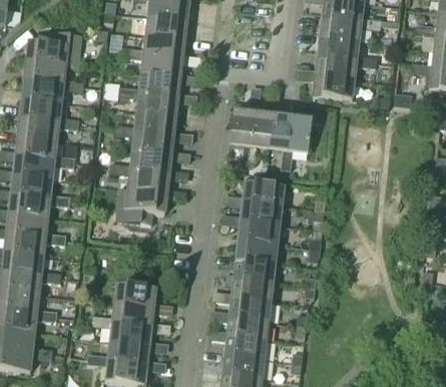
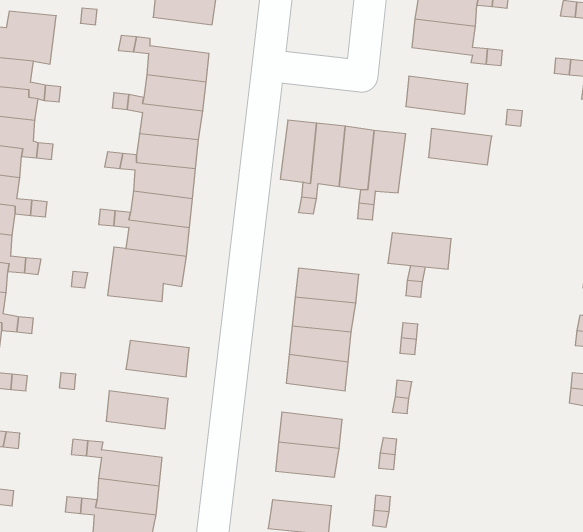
building: [143,35,184,59] -> none
building: [315,55,357,79] -> [428,129,492,165]
building: [242,181,284,206] -> [388,233,451,269]
building: [231,278,273,302] -> none
building: [111,303,153,327] -> [126,340,189,377]
building: [225,336,271,360] -> none

